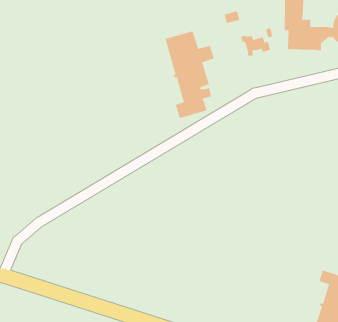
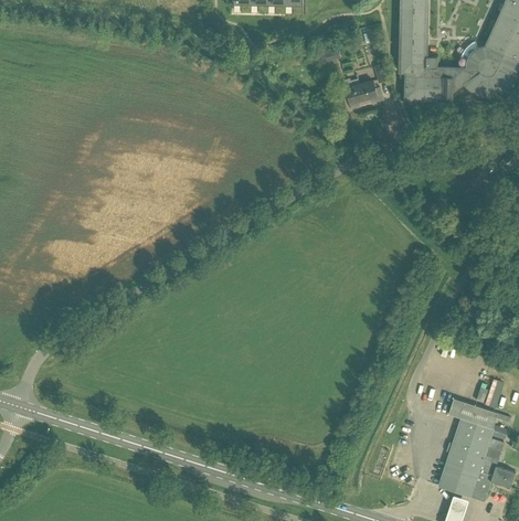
building: [165,30,215,119] -> none

